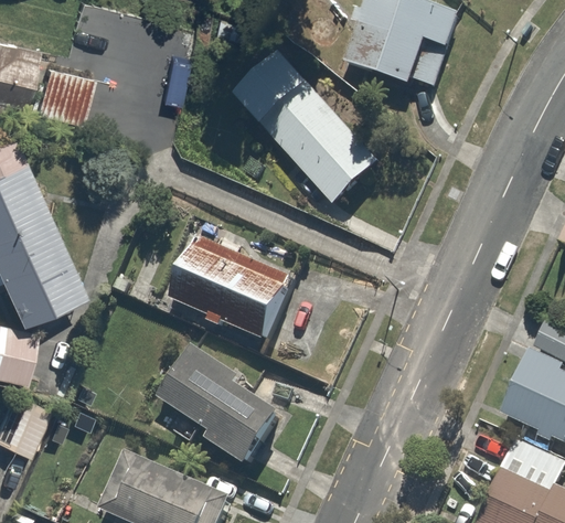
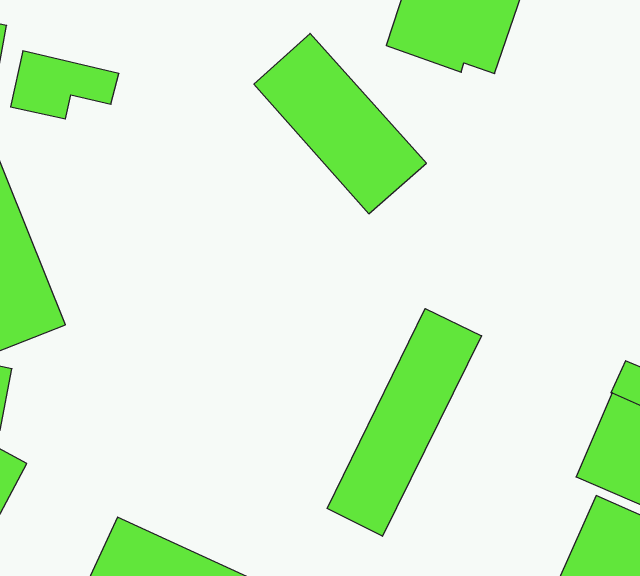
building: [167,237,291,343] -> none
building: none -> [327,309,482,536]
building: [150,344,280,462] -> none

